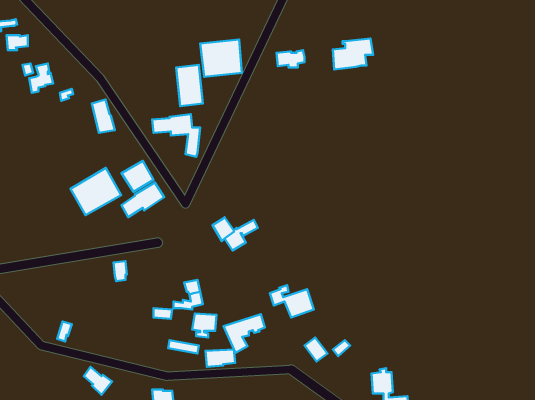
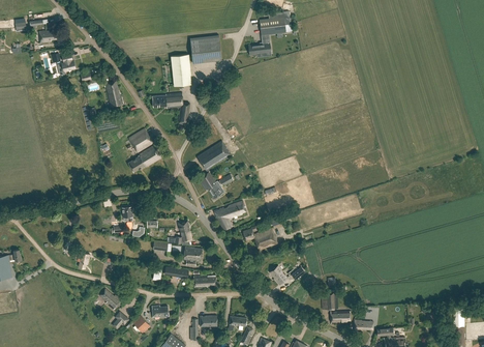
building: [333,39,373,69] -> [260,11,291,35]
building: [71,168,121,215] -> none
building: none -> [198,141,231,170]
building: [224,314,265,353] -> [214,201,246,231]

